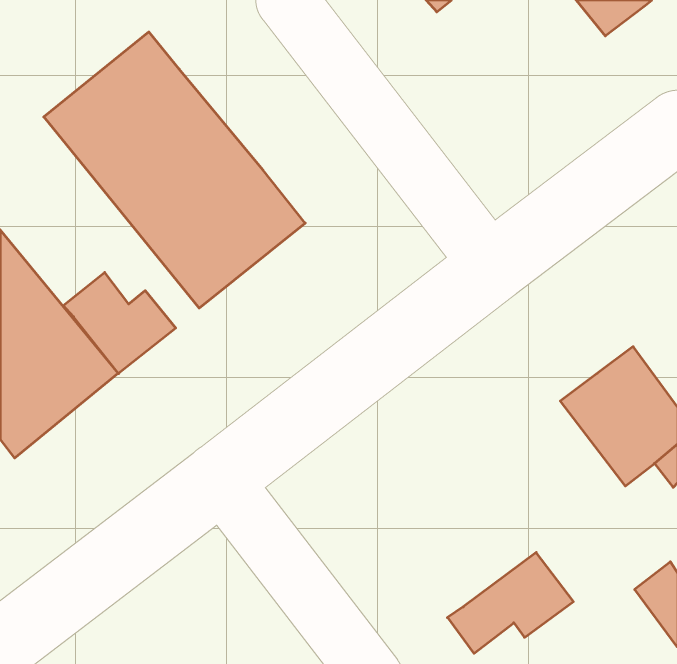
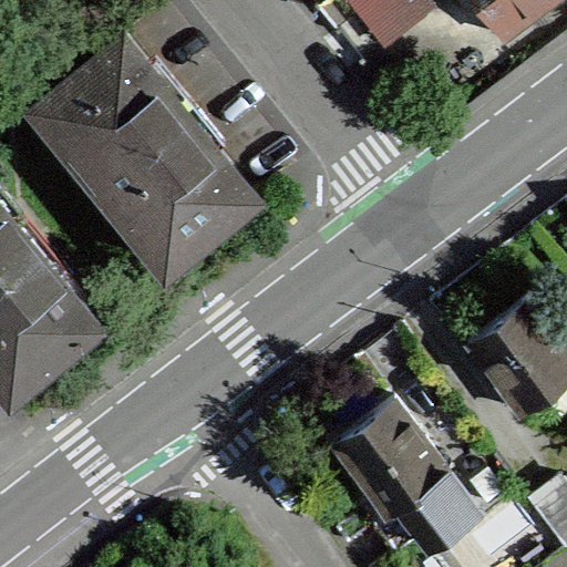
building: [63,272,176,374] -> none
building: none -> [334,402,449,518]

